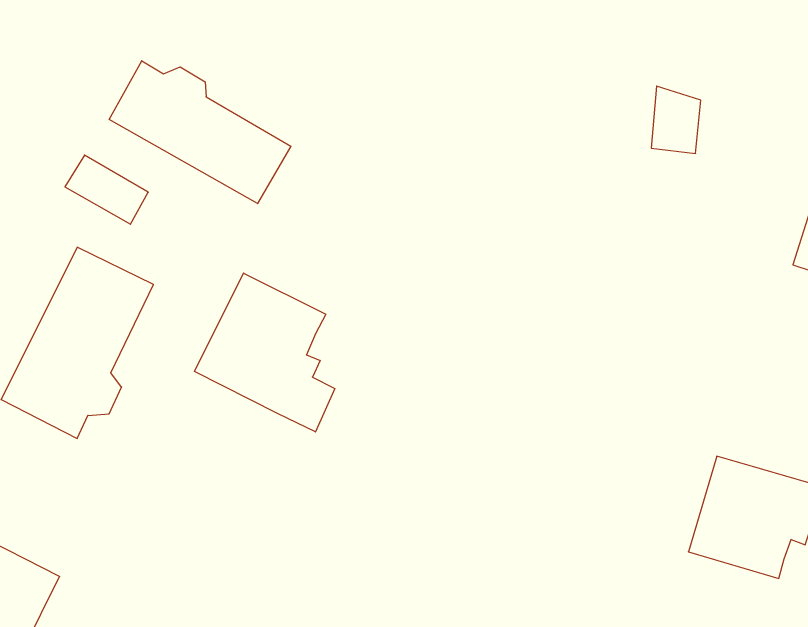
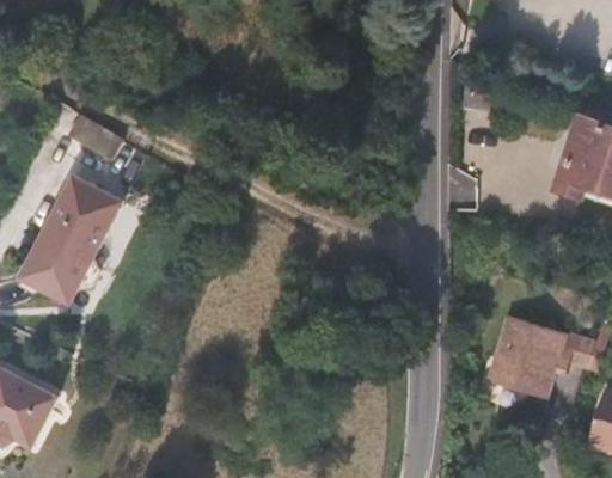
building: [109,61,291,204] -> none
building: [195,273,335,432] -> none

